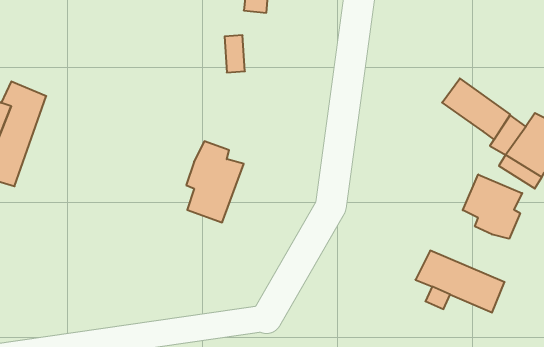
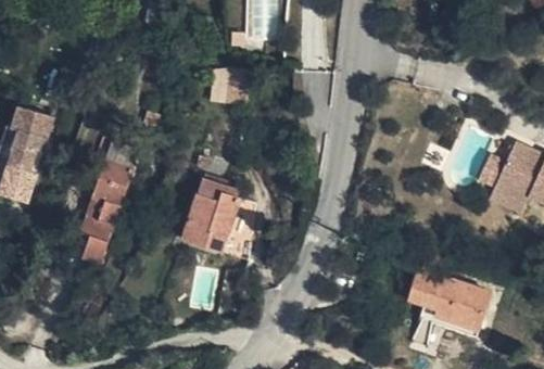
building: [442,78,510,139] -> none
building: none -> [76,142,142,263]
building: [463,174,522,239] -> none

